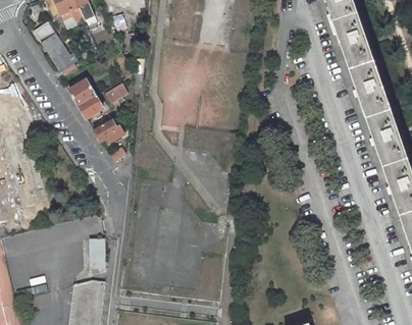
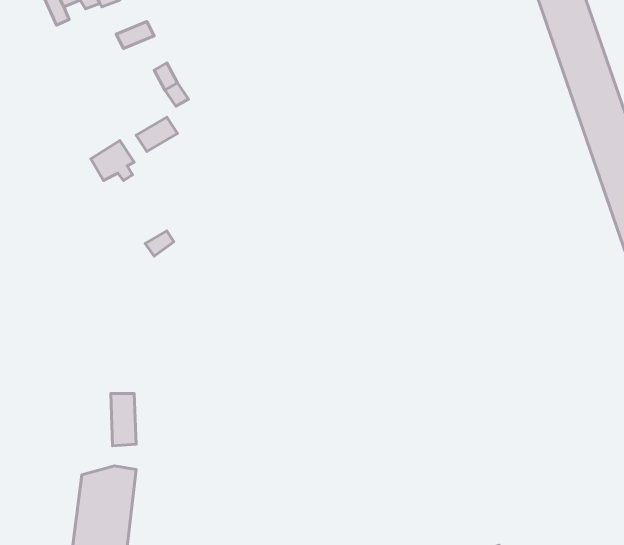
building: [34,22,78,75] -> none
building: [67,79,95,106] -> none
building: [93,114,123,142] -> none

